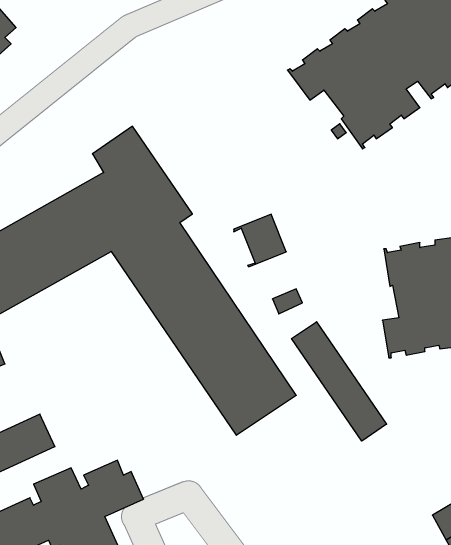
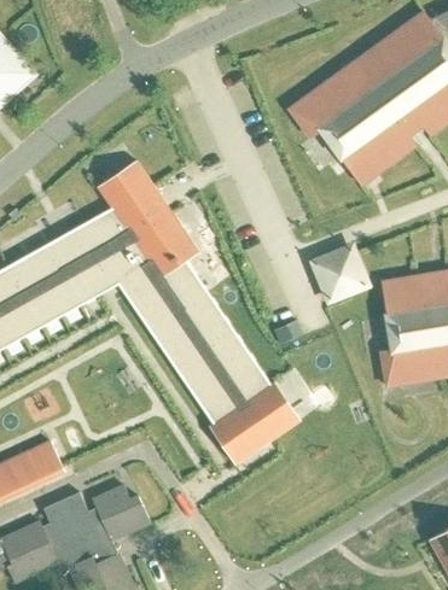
building: [234,214,286,267] -> [314,247,365,298]
building: [292,322,387,441] -> none

